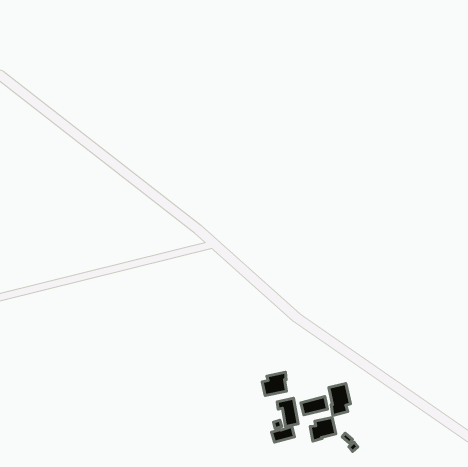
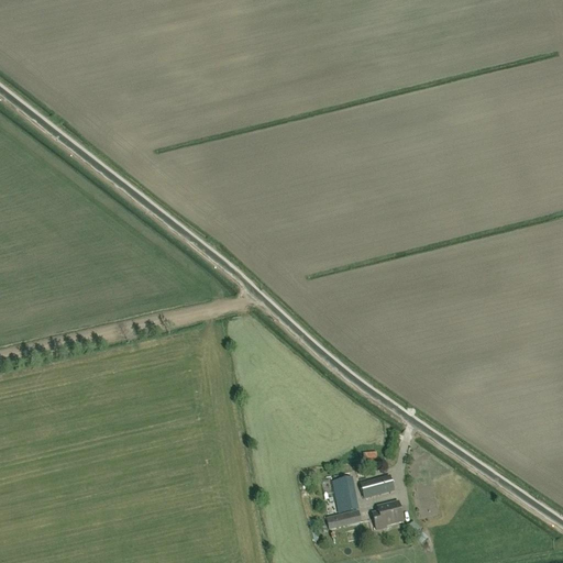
building: [262,372,286,396] -> none
building: [329,384,351,415] -> none

